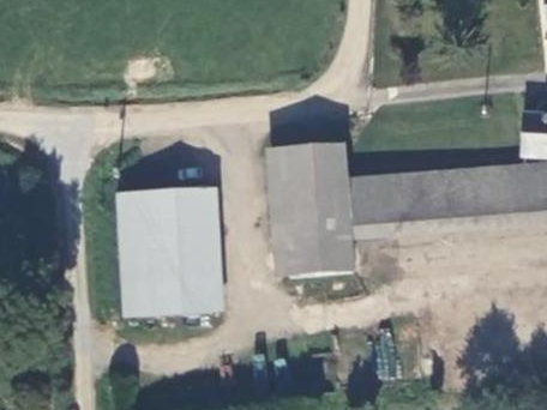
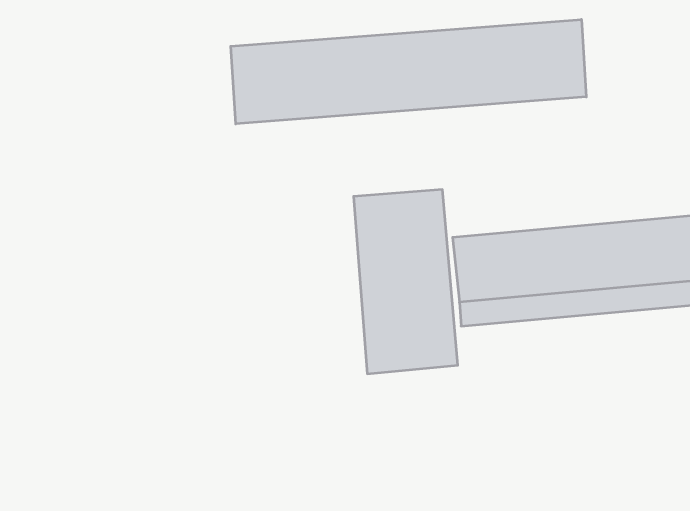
building: none -> [231,19,586,124]
building: [115,187,211,316] -> none

